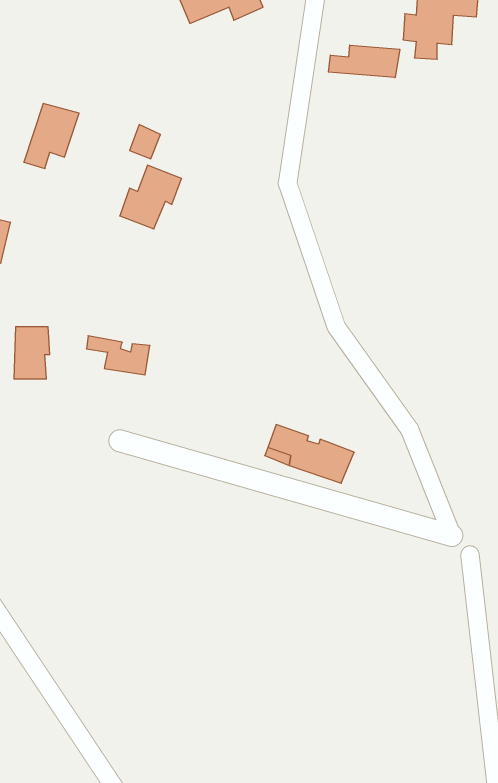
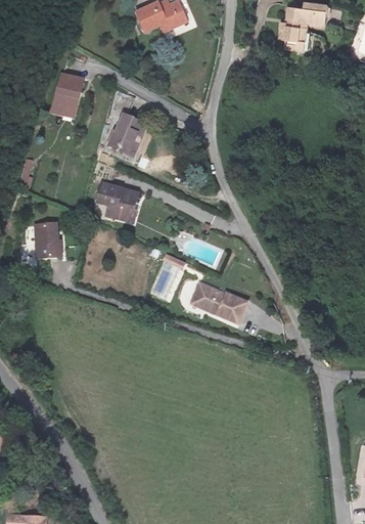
building: [328,45,400,78] -> none
building: [86,336,150,375] -> [96,189,136,214]

